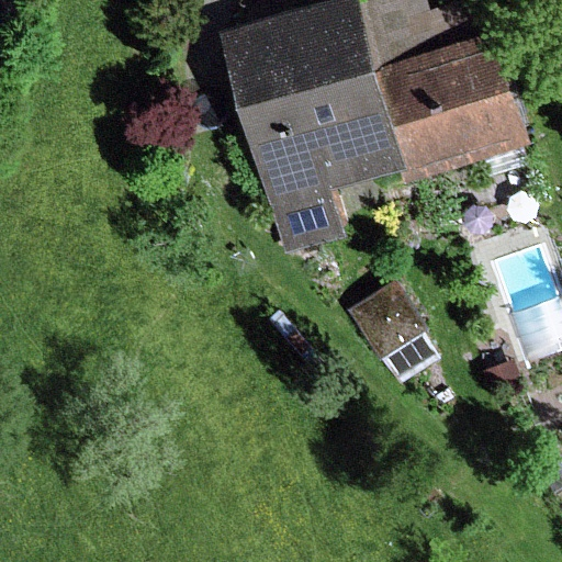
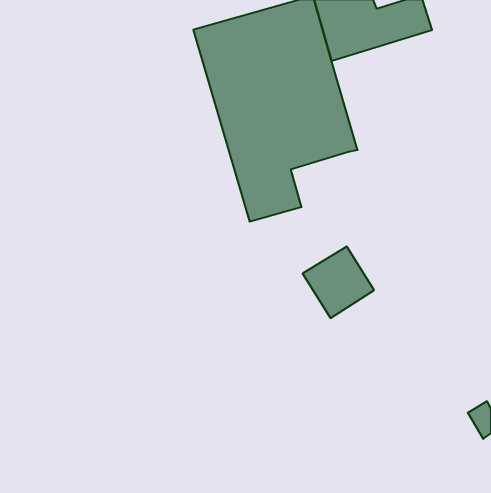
building: [376,34,528,187] -> none

